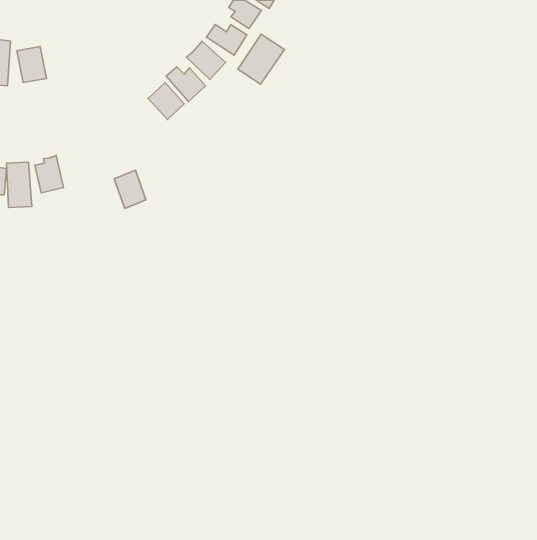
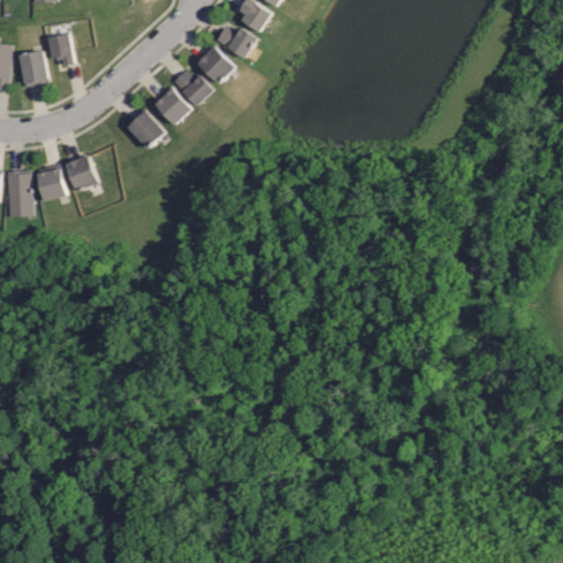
building: none -> [46,32,74,65]
building: [238,34,285,84] -> none
building: none -> [126,110,165,148]
building: [114,170,146,208] -> [65,152,98,191]

